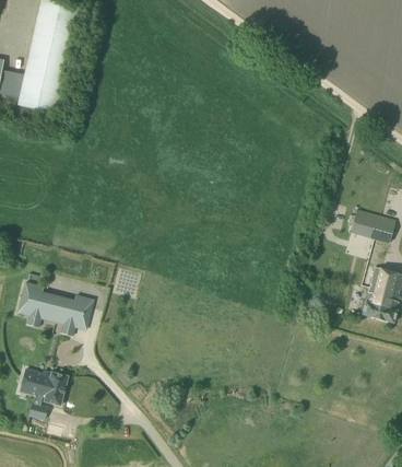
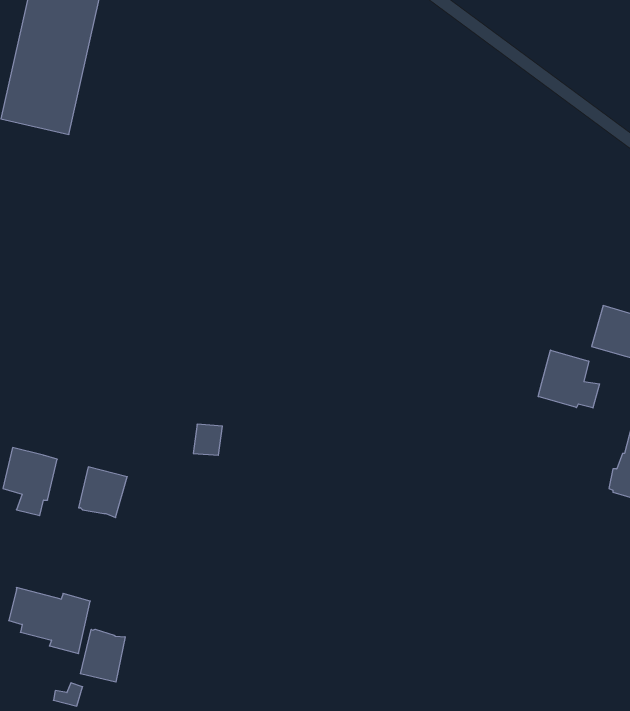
building: none -> [538,350,600,408]
building: none -> [80,629,125,682]

